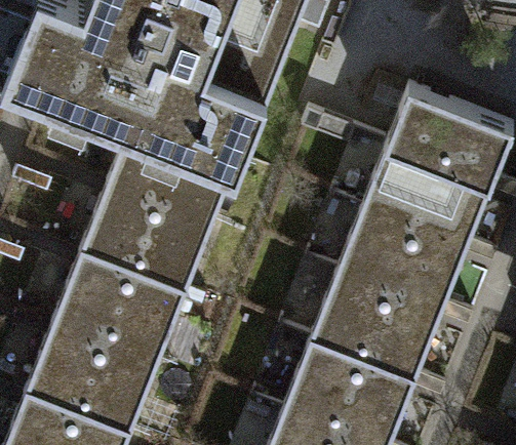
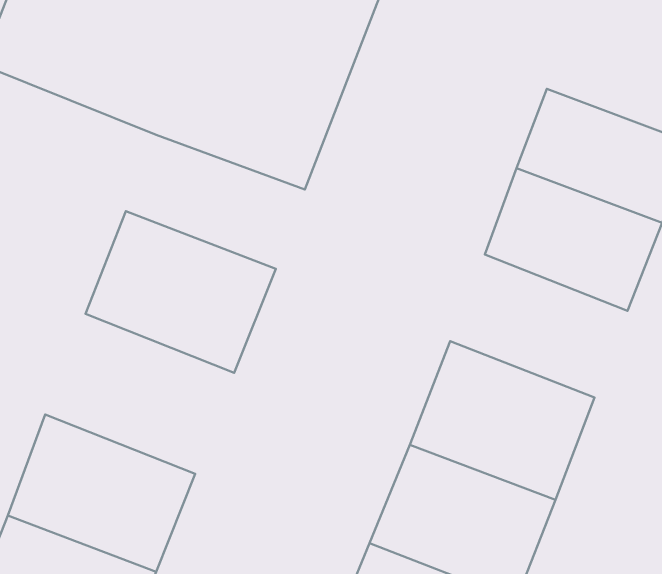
building: [106,130,233,226] -> none
building: [336,215,463,317] -> none
building: [48,257,183,371] -> none

